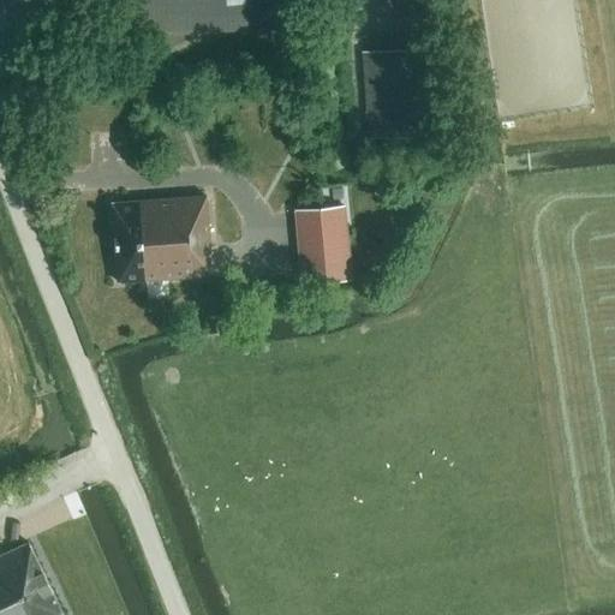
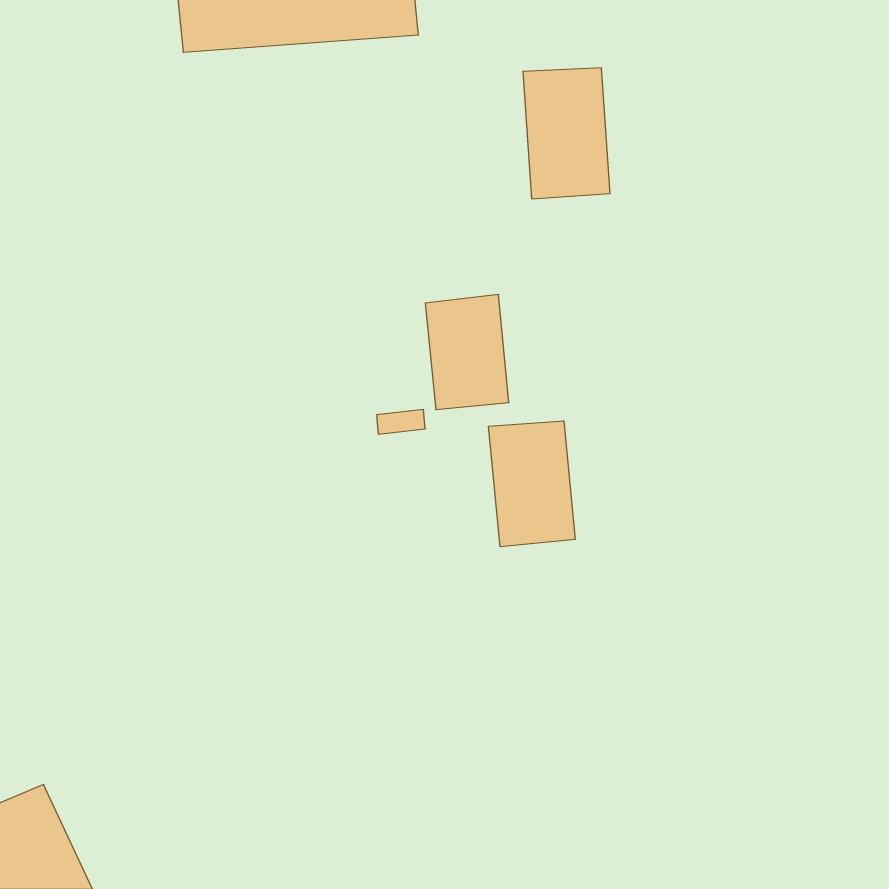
building: [117,195,210,281] -> none
building: none -> [489,421,575,547]

